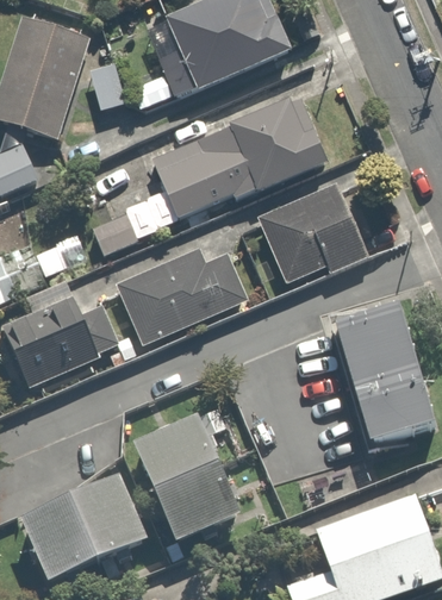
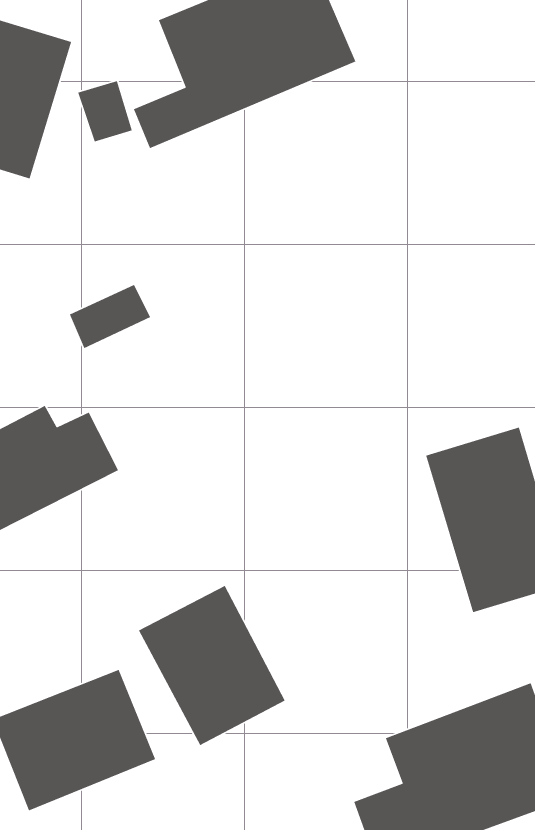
building: [150,92,332,225] -> none
building: [254,185,366,290] -> none
building: [112,245,248,346] -> none

